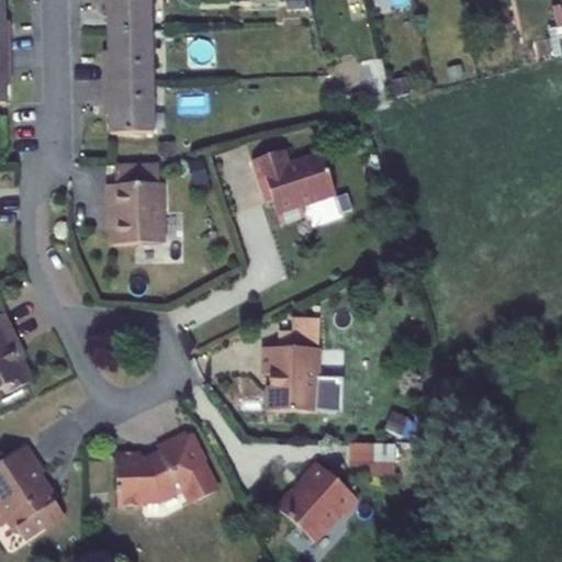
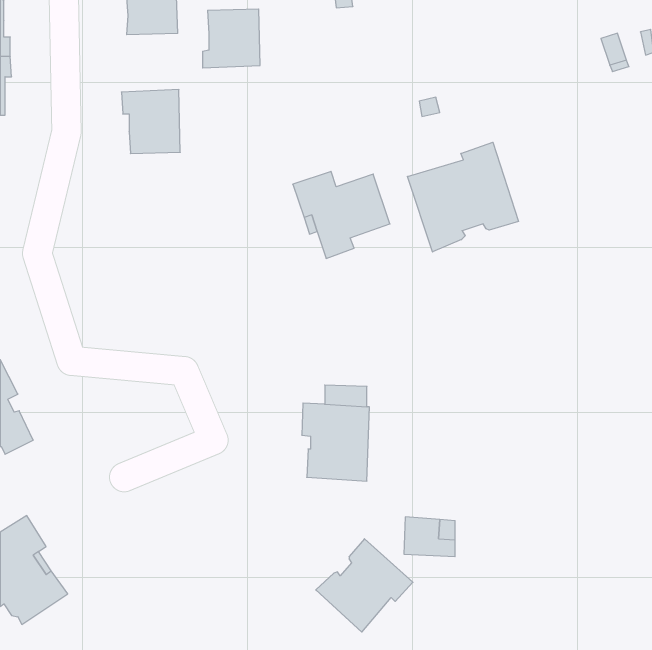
building: [105,29,155,79] -> [203,9,260,68]
building: none -> [407,142,518,252]
building: [108,160,164,241] -> none
building: [113,429,211,504] -> none

